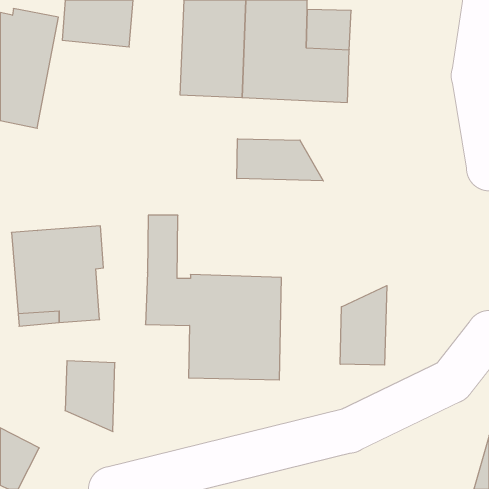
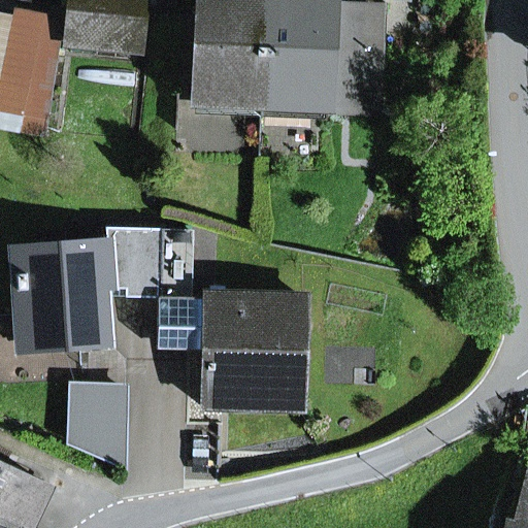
building: [237,139,323,181] -> none
building: none -> [39,230,160,294]
building: [340,286,387,365] -> none

